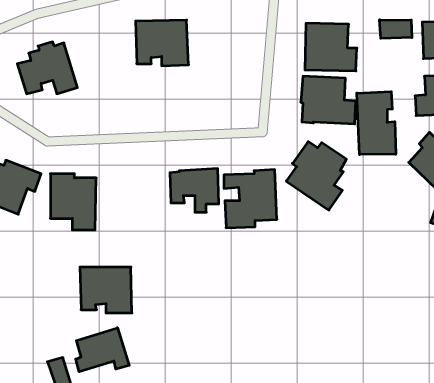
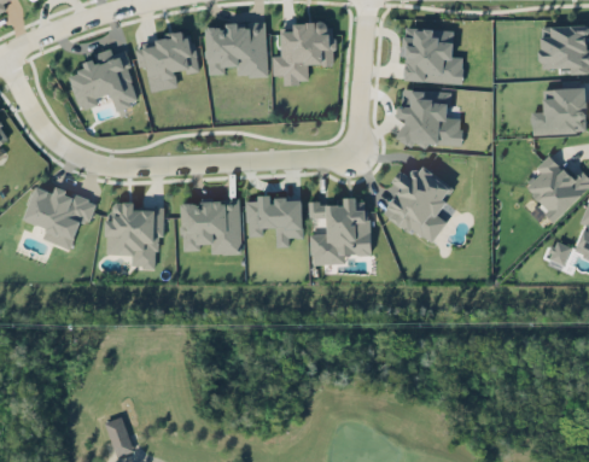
building: none -> [272,22,332,83]
building: [380,20,412,38] -> none
building: none -> [142,33,198,92]
building: [357,92,396,155] -> none
building: [80,267,132,313] -> [181,201,241,255]
building: [76,328,129,372] -> none

